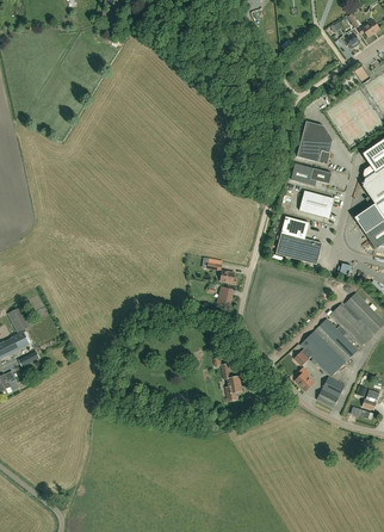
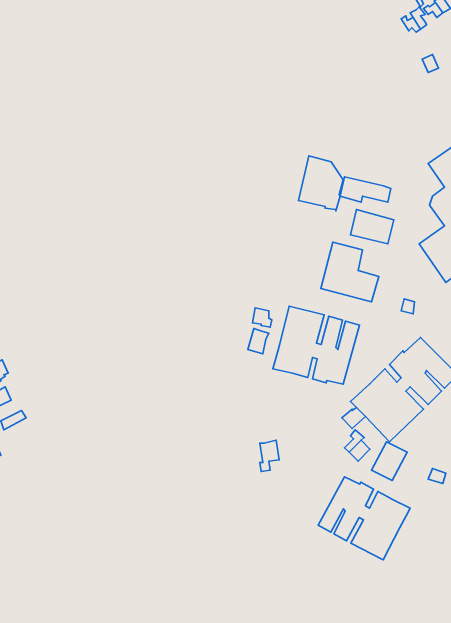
building: [297,120,333,165] -> [299,156,343,211]
building: none -> [273,306,359,384]
building: none -> [318,477,410,560]

